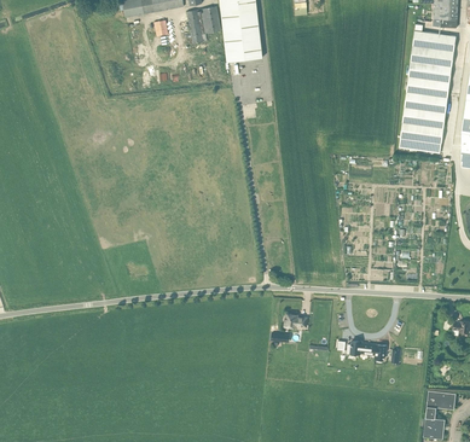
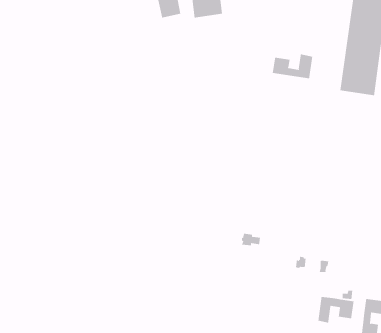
building: none -> [272,54,313,79]
building: none -> [318,296,354,324]

